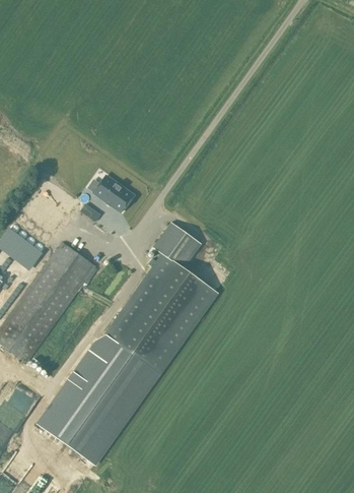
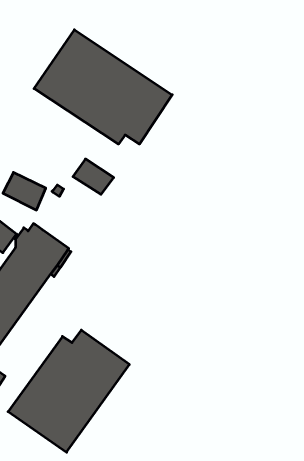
building: none -> [34,30,172,144]
building: [104,223,216,374] -> none

